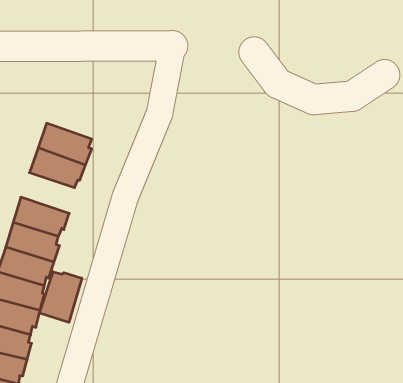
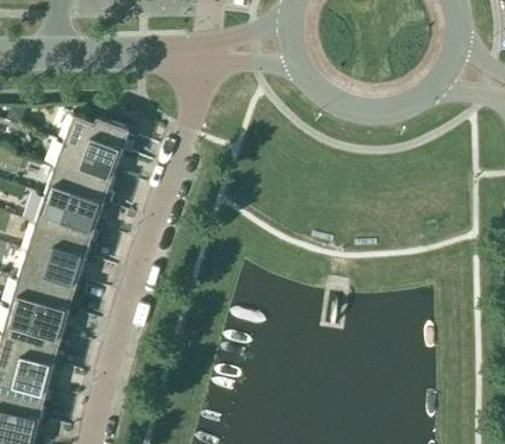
building: none -> [66,111,131,157]
building: none -> [37,194,96,239]
building: [39,272,82,322] -> none

